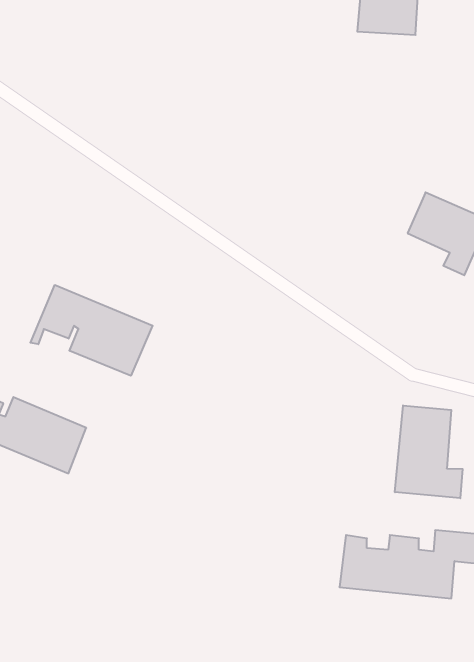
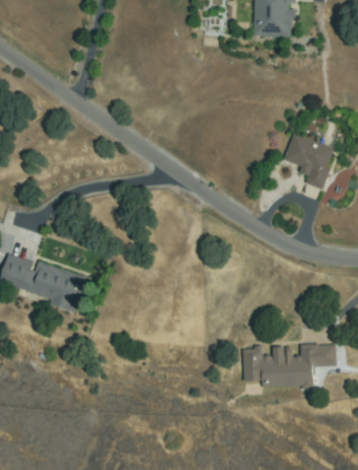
building: [30,285,153,376] -> none
building: [395,405,463,498] -> none

